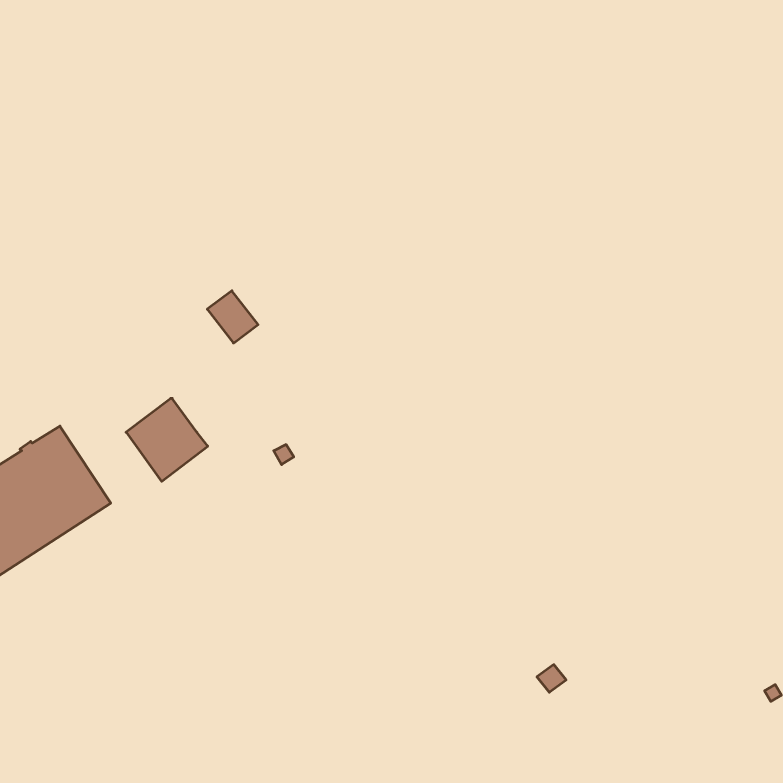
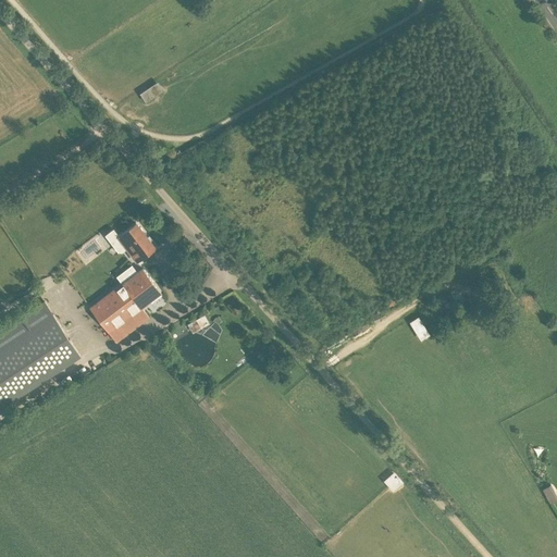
building: [207,291,258,343] -> [115,225,151,262]
building: none -> [122,269,160,308]

